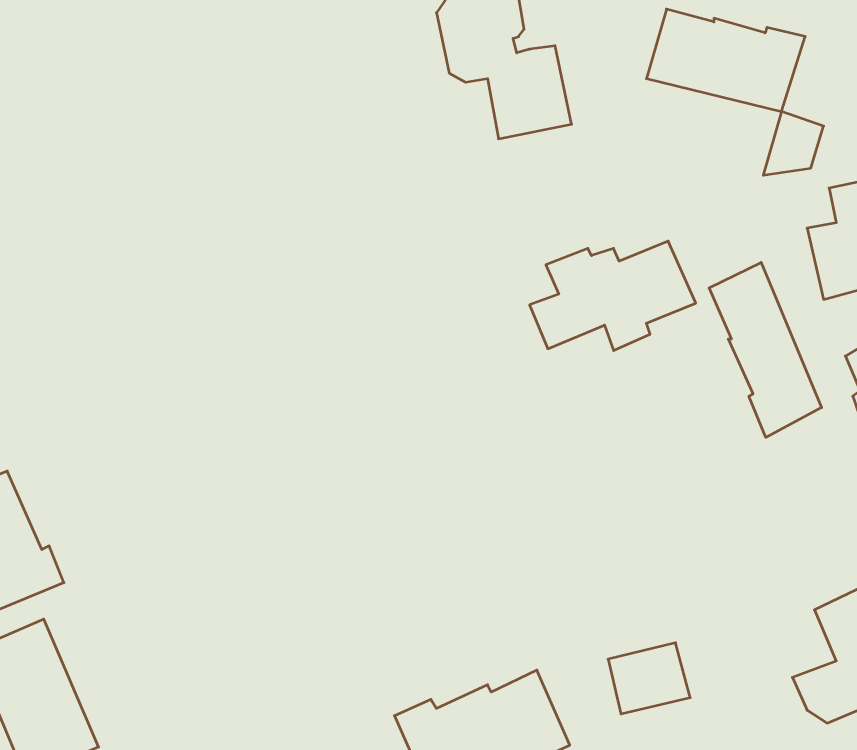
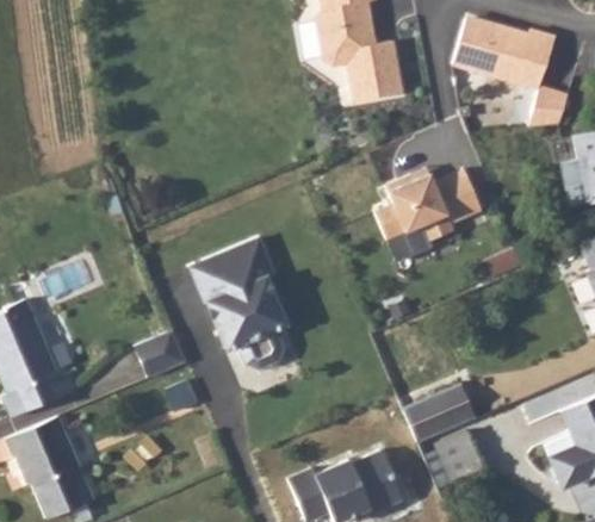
building: [709,262,822,437] -> none
building: none -> [193,241,287,374]
building: none -> [136,330,187,378]
building: none -> [403,381,475,441]

